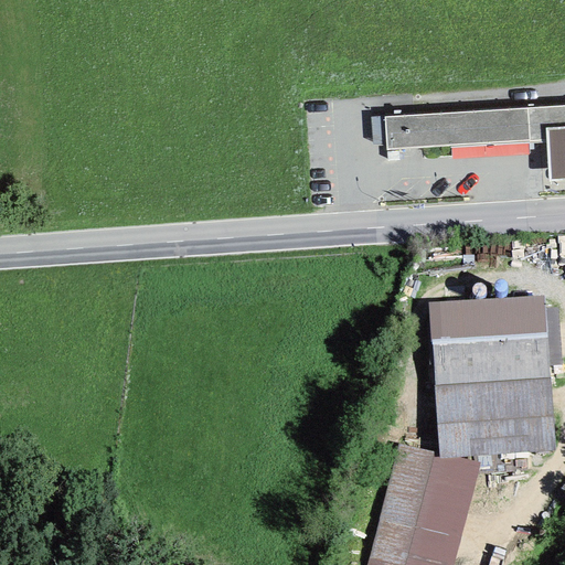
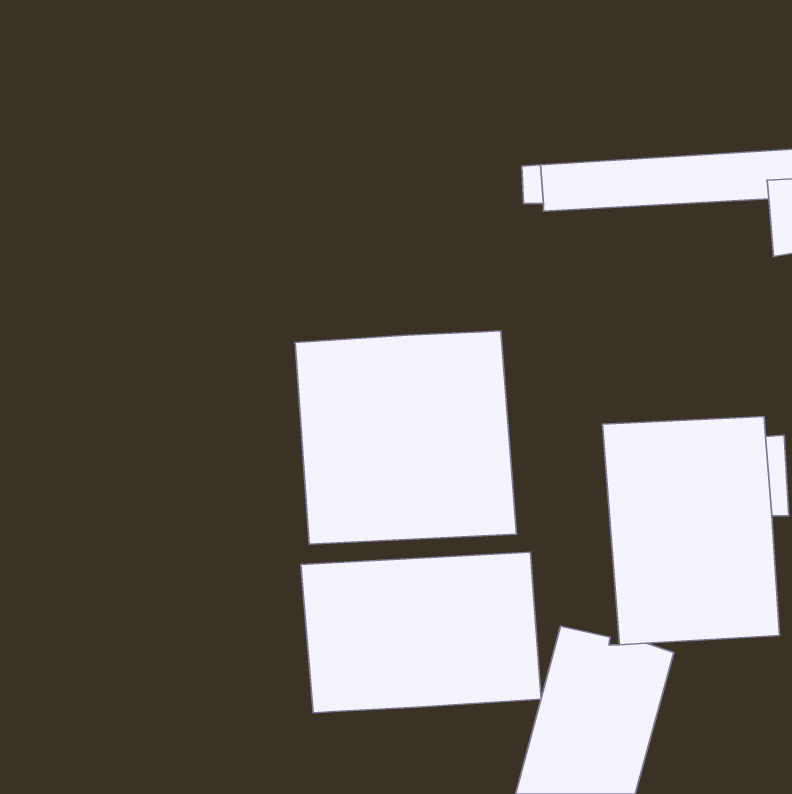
building: none -> [295,331,516,544]
building: none -> [301,552,541,713]

